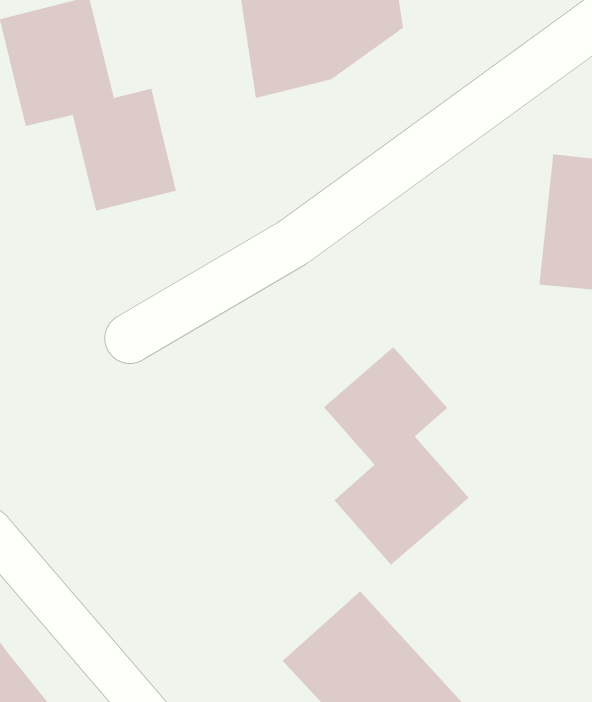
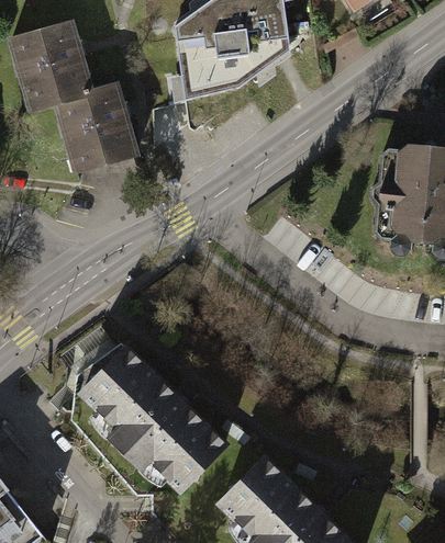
building: [323,346,470,566] -> none
building: none -> [68,333,220,491]

